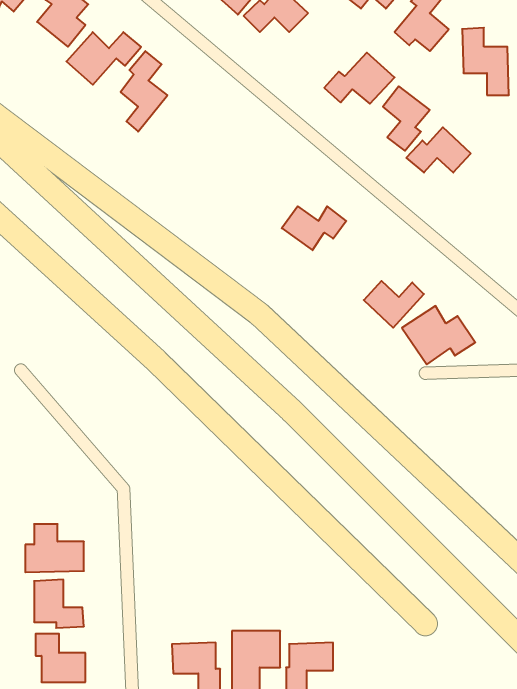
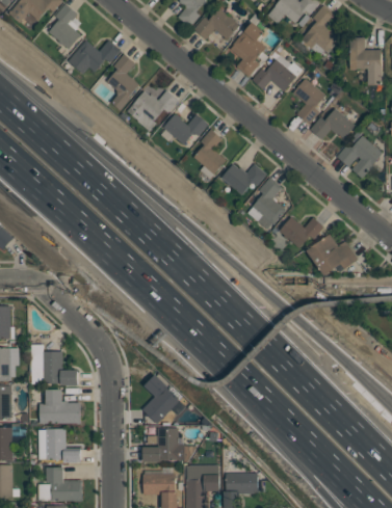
building: none -> [230,23,266,78]
building: none -> [127,90,179,131]
building: none -> [163,114,209,145]
building: none -> [193,130,227,176]
building: none -> [337,134,384,179]
building: none -> [247,178,286,231]
building: none -> [31,345,78,385]
building: none -> [141,374,186,425]
building: none -> [142,429,184,463]

